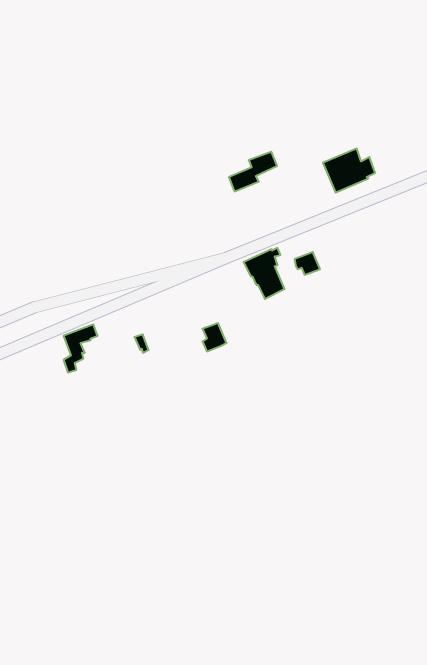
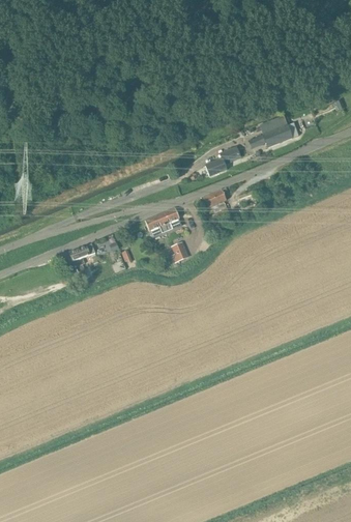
building: [229,152,277,191] -> [205,146,240,175]
building: none -> [145,206,181,236]

